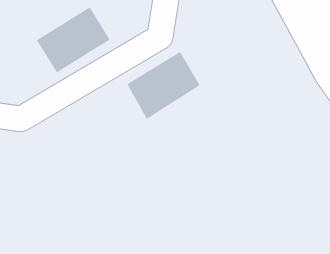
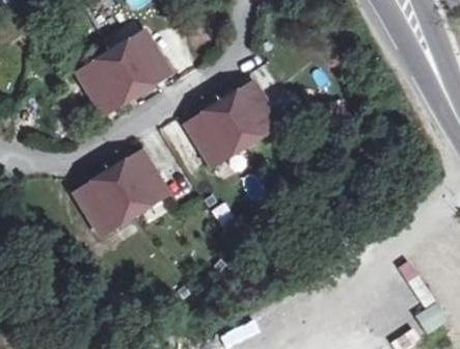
building: none -> [73,152,167,235]

